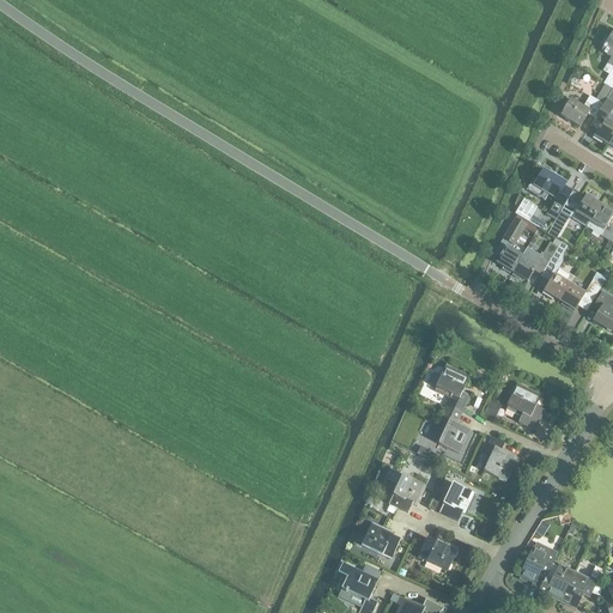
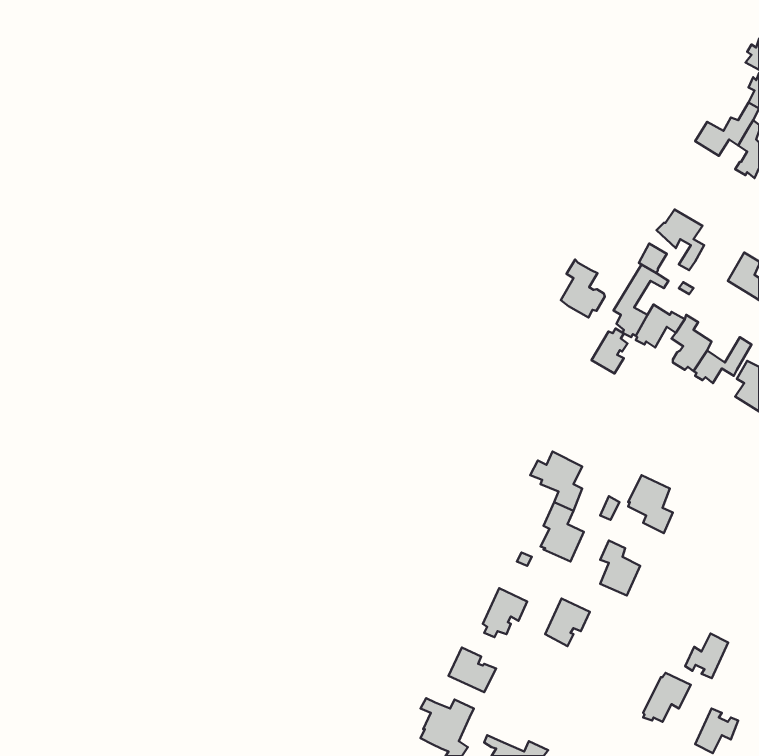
building: [560,193,600,226] -> none
building: none -> [561,260,605,318]
building: none -> [591,328,627,374]
building: [418,538,457,570] -> none
building: [539,564,573,600] -> [685,634,728,678]

